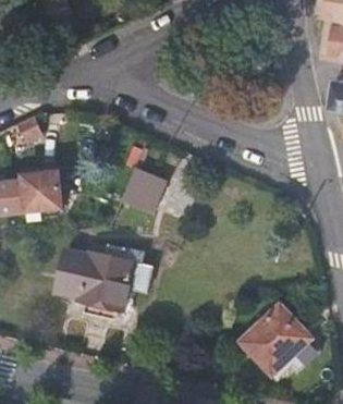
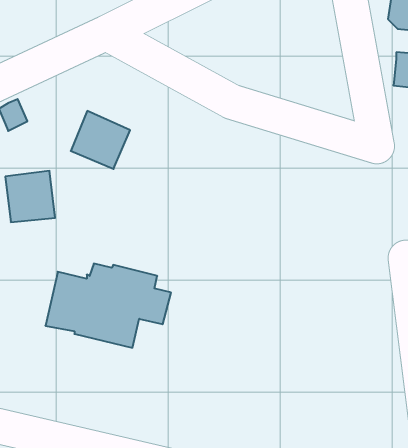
building: [121,168,168,213] -> [71,111,130,169]
building: [241,305,310,376] -> none

